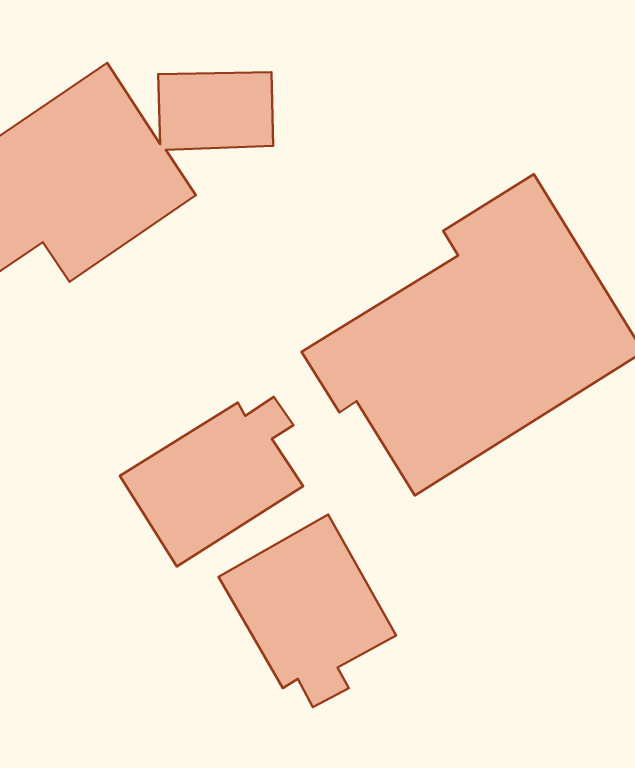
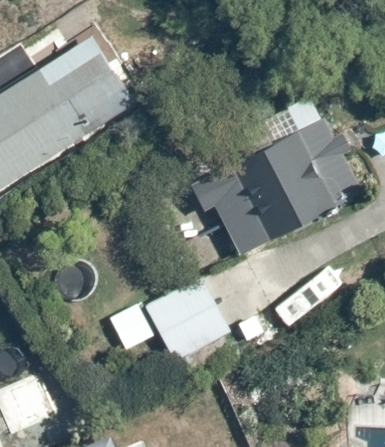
building: [120,397,303,566] -> none

